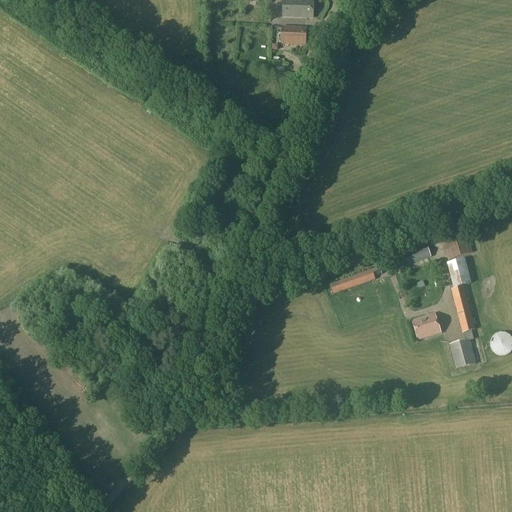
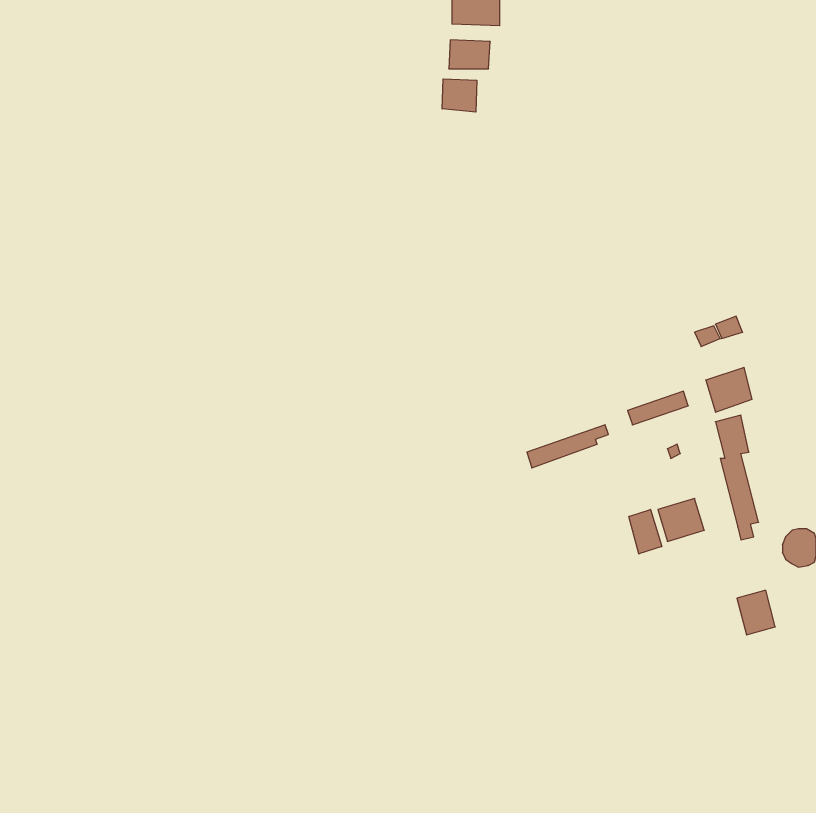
building: none -> [442,79,477,112]
building: none -> [629,509,662,554]
building: [451,338,475,366] -> [737,590,775,635]

